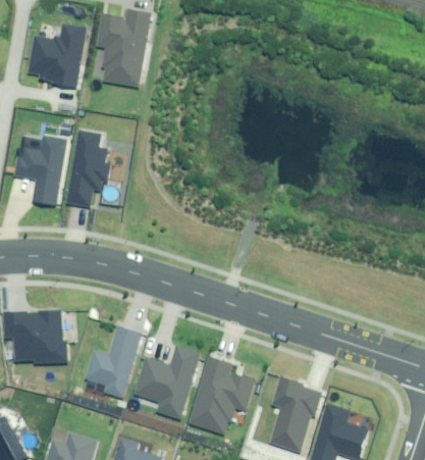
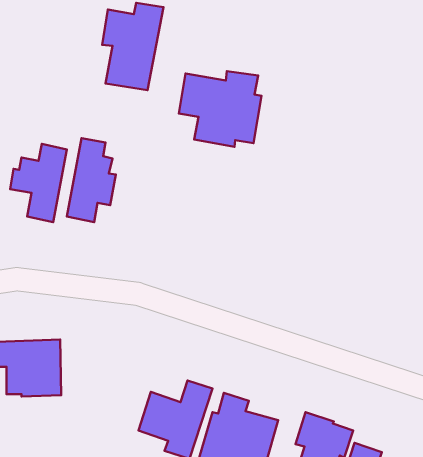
building: [29,22,88,86] -> none
building: none -> [179,71,261,147]
building: [84,326,142,397] -> none

